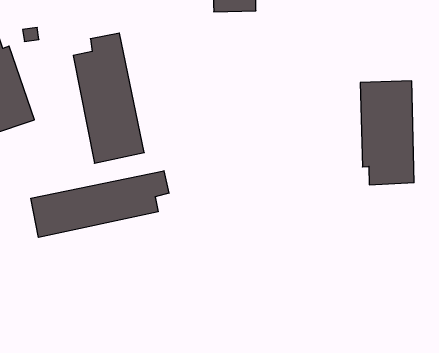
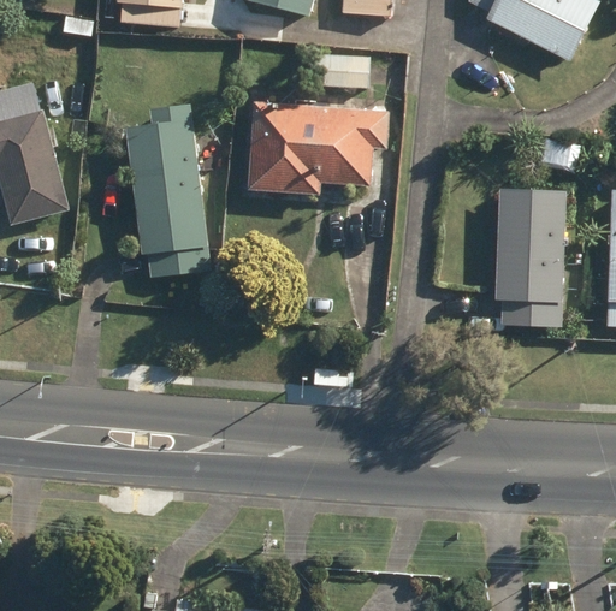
building: none -> [247,101,390,194]
building: [31,171,169,237] -> none

